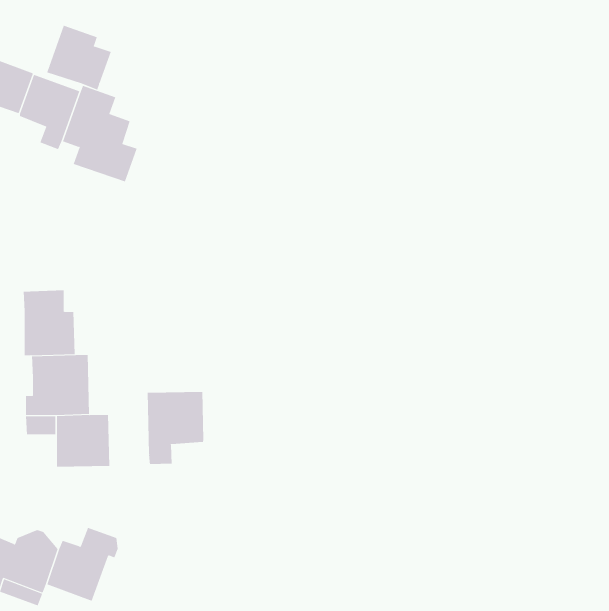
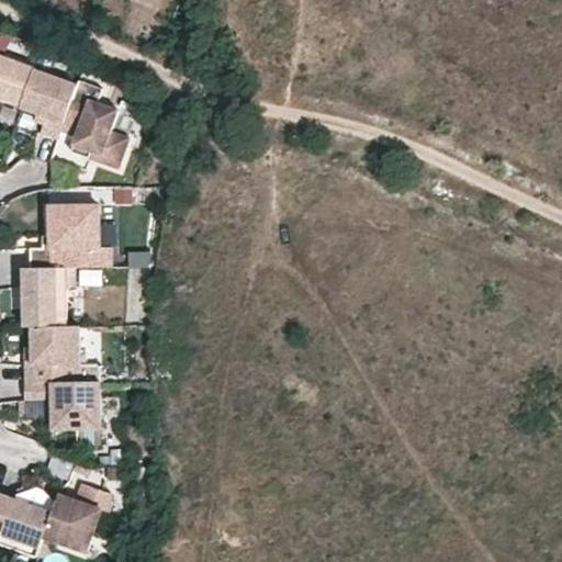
building: [47,25,112,90] -> none
building: none -> [27,205,95,268]
building: [147,391,204,465] -> none

